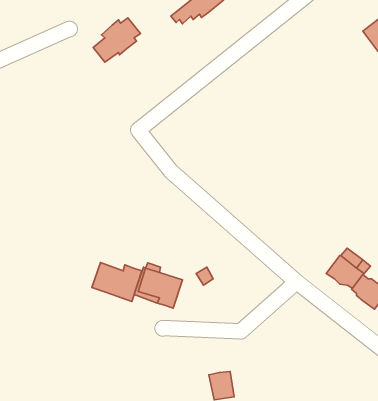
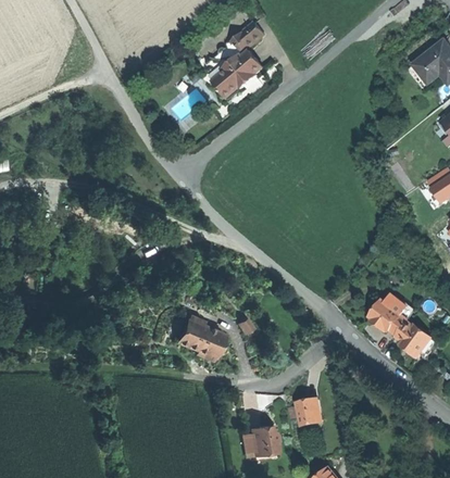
building: [93,18,141,62] -> [212,50,261,96]
building: [92,263,142,301] -> none
building: none -> [296,399,323,425]

